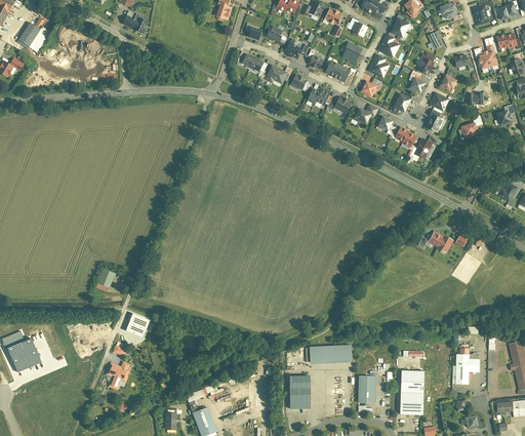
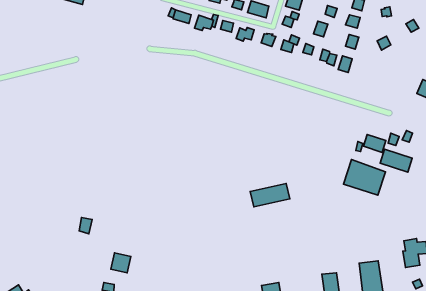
building: none -> [380,149,412,172]
building: none -> [344,160,385,195]
building: [310,343,352,362] -> [250,184,290,207]

